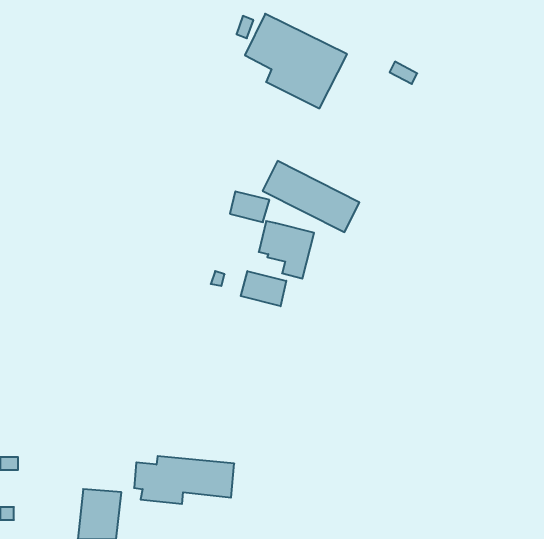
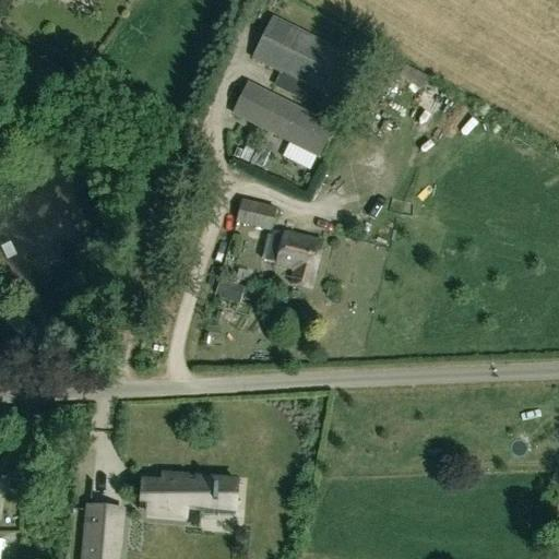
building: [263,161,359,232] -> [233,81,332,154]
building: [241,271,286,306] -> none

